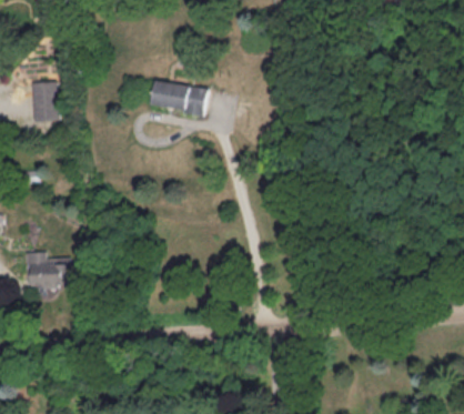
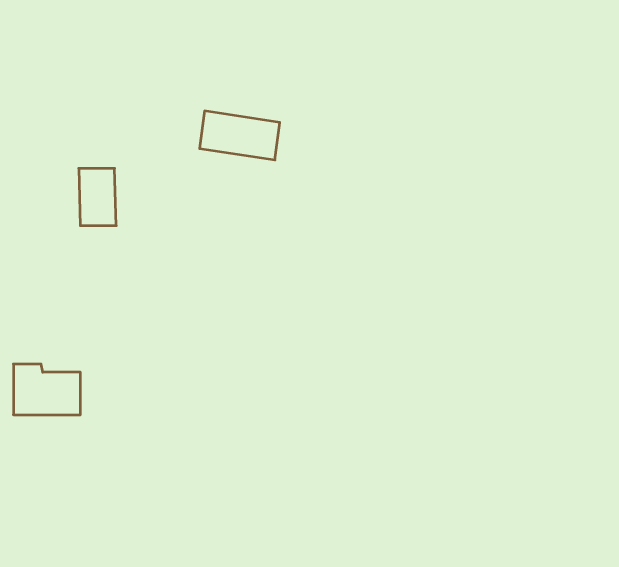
building: [31,82,57,121] -> [79,168,116,226]

